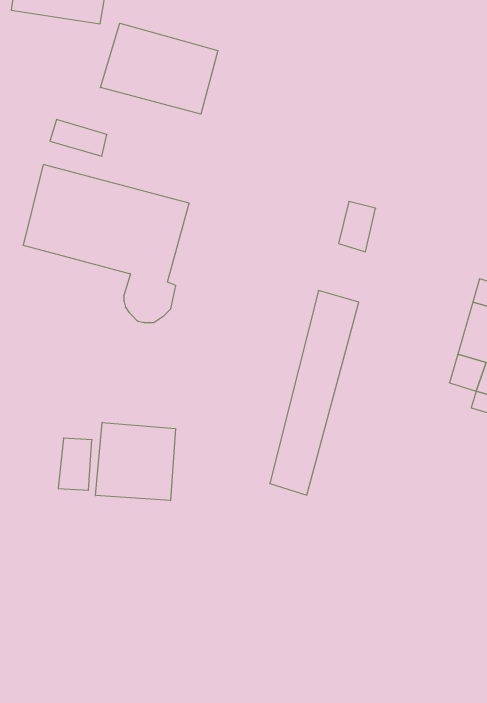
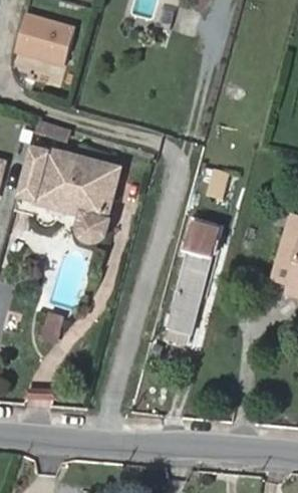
building: [100,23,218,114] -> none
building: [96,422,175,501] -> none

